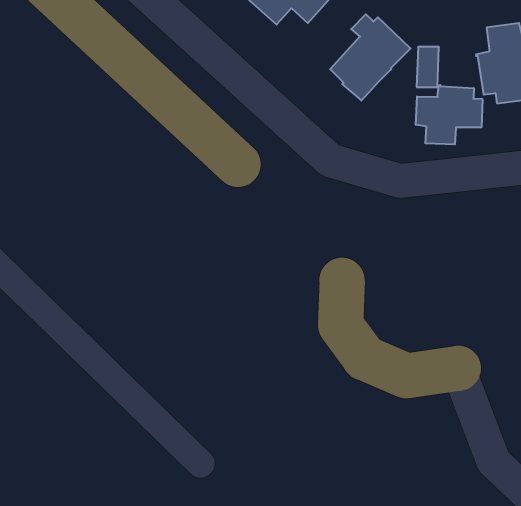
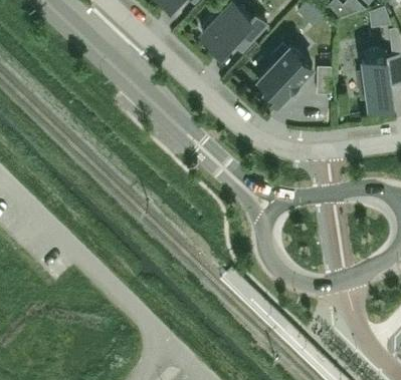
building: [416,85,482,144] -> none

